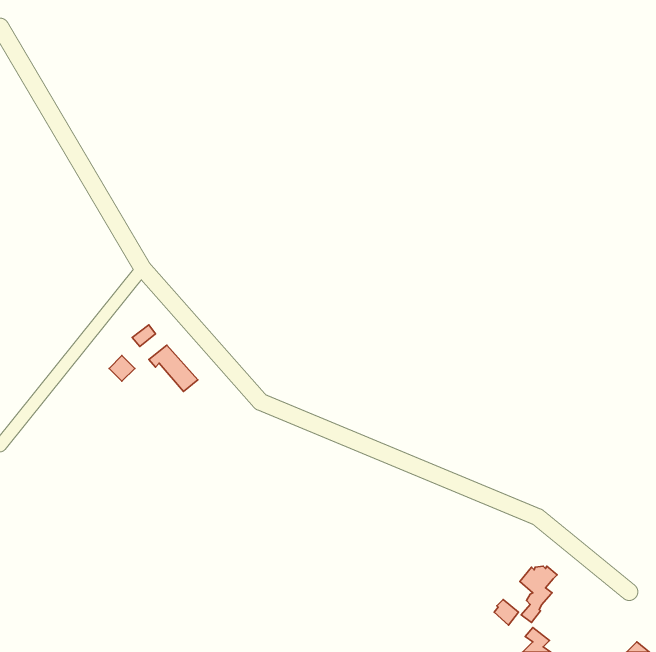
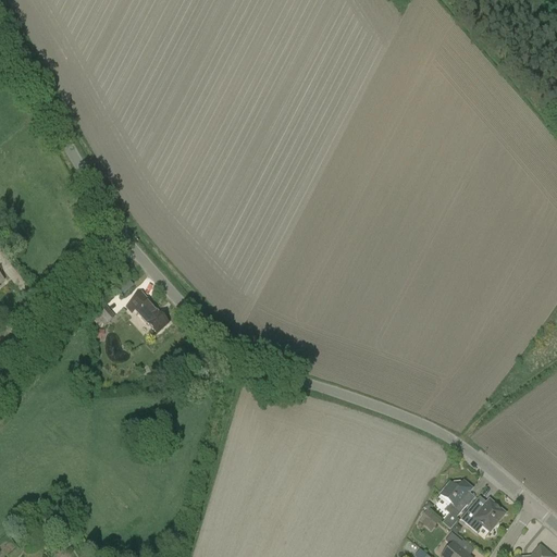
building: none -> [461,498,505,531]

